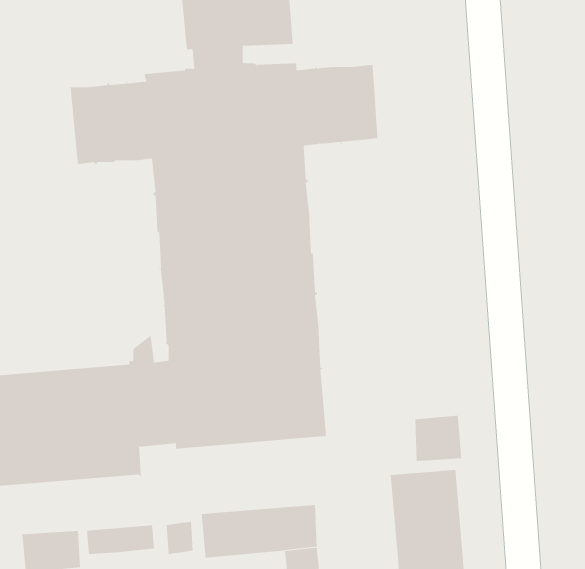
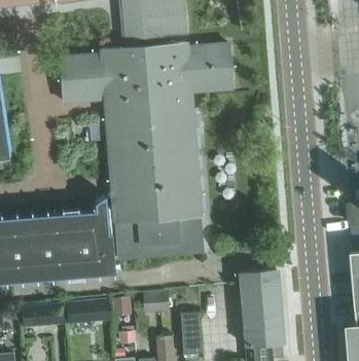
building: [415,415,462,462] -> none

